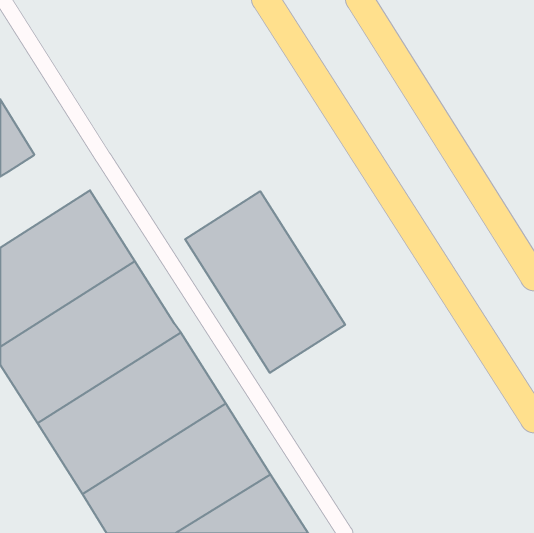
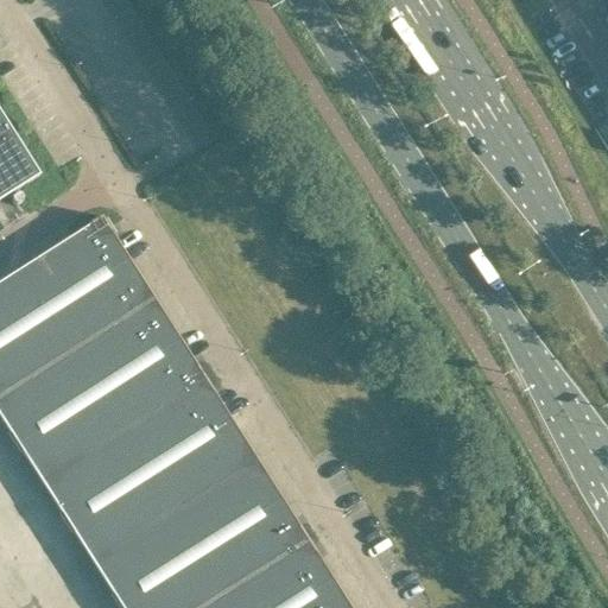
building: [185,191,345,373] -> none

